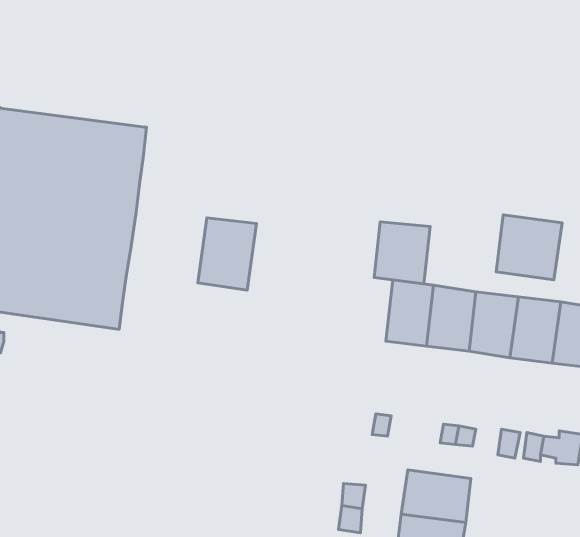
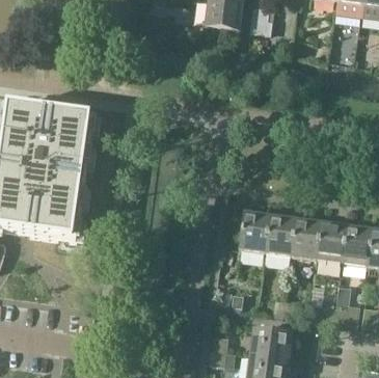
building: [496,215,562,280] -> none
building: [198,218,256,290] -> none
building: [374,222,430,284] -> none

